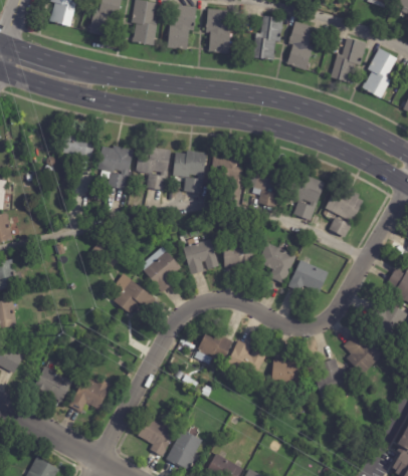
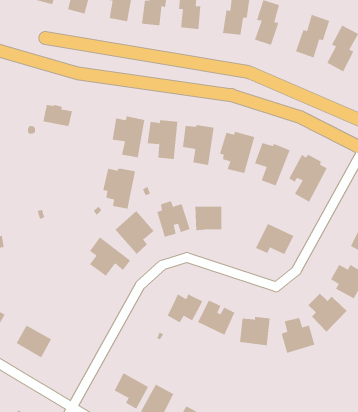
building: [97,146,133,189] -> [103,168,136,209]
building: [257,242,295,283] -> none
building: [67,379,108,414] -> none

